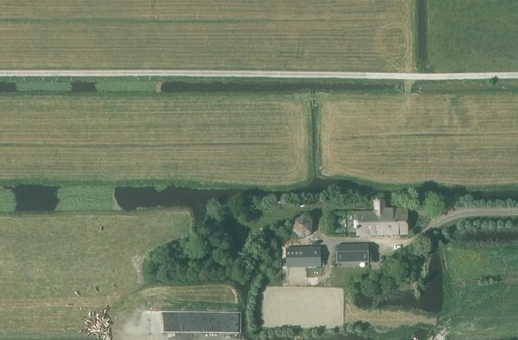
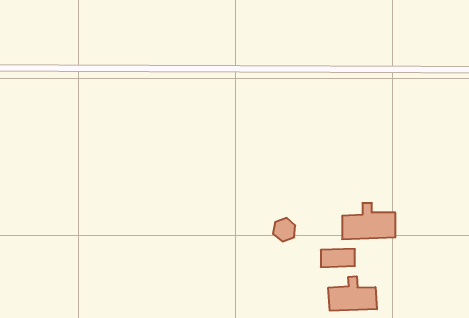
building: [286,247,320,266] -> none
building: none -> [328,276,377,311]

